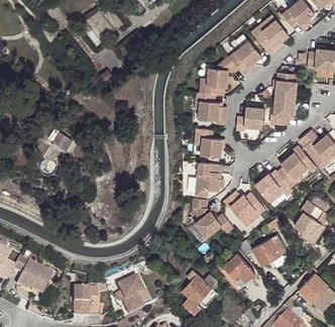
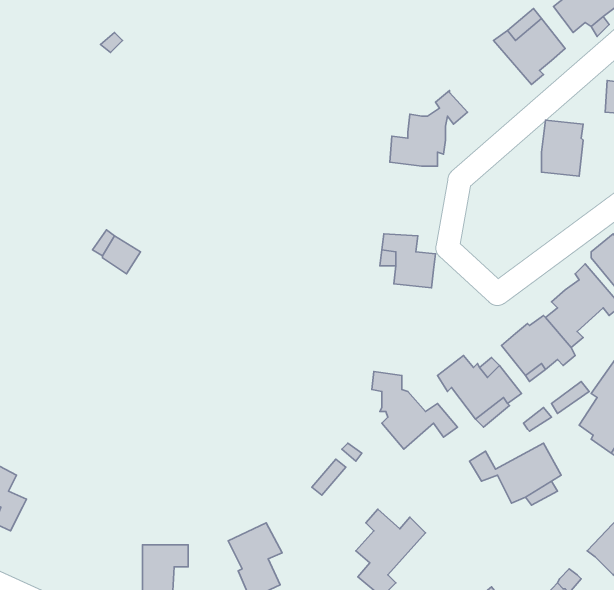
building: [229,41,261,75] -> none
building: [195,93,227,124] -> none
building: [272,98,295,126] -> none
building: [236,106,264,130] -> none
building: [194,162,224,197] -> none
building: [223,252,256,288] -> none
building: [13,255,53,294] -> none

